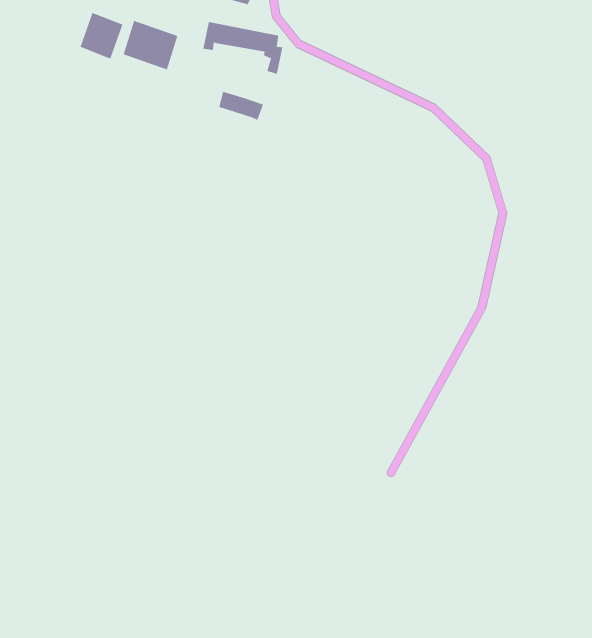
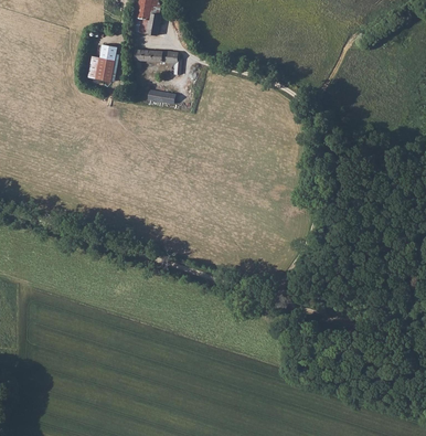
building: [80,12,123,59] -> none

